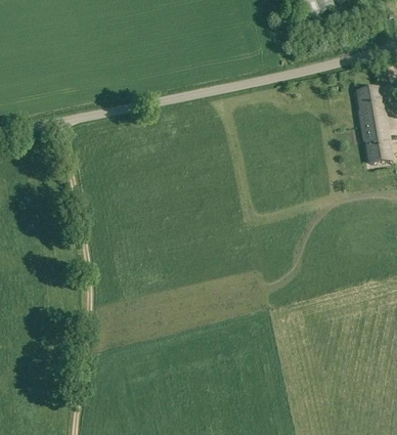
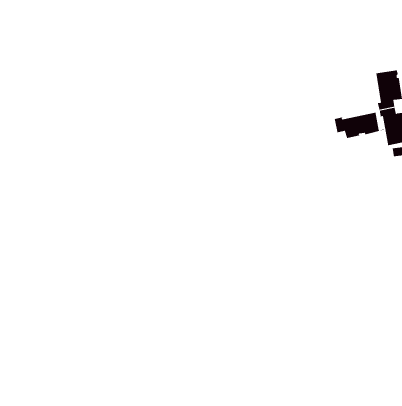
building: none -> [334,112,385,139]

